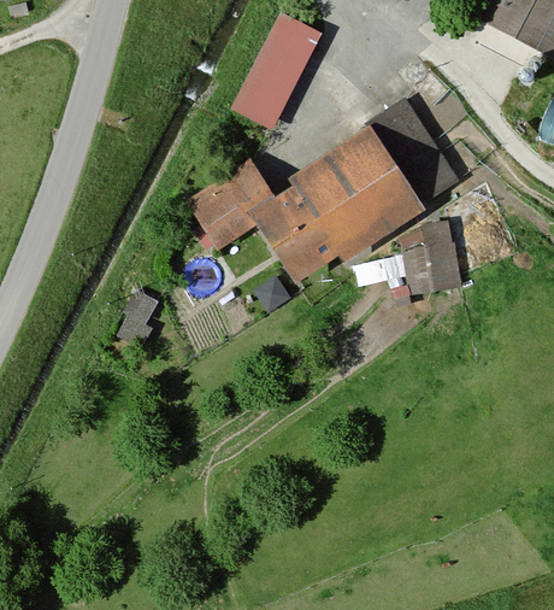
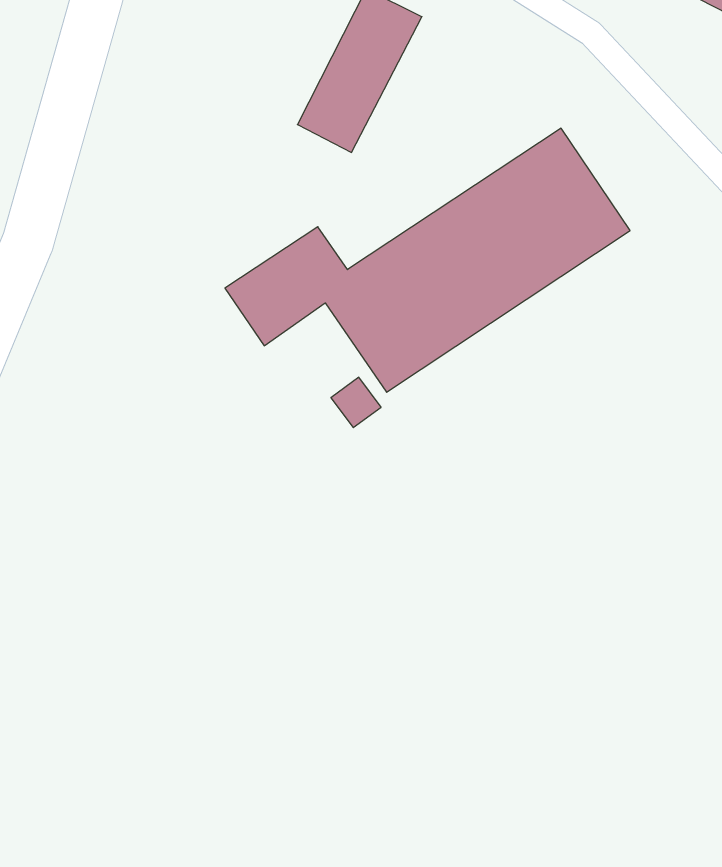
building: [358,217,464,292] -> none
building: [119,285,164,338] -> none

